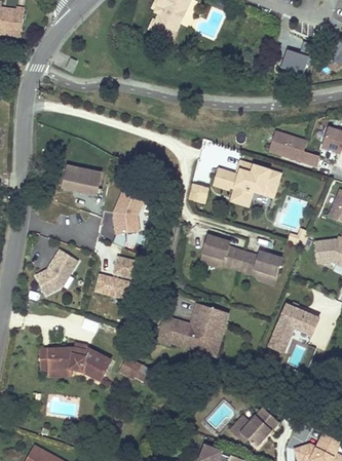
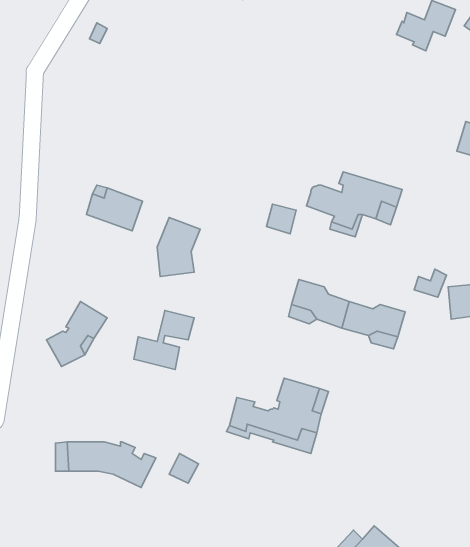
building: [268,127,316,162] -> none
building: [268,303,319,353] -> none

